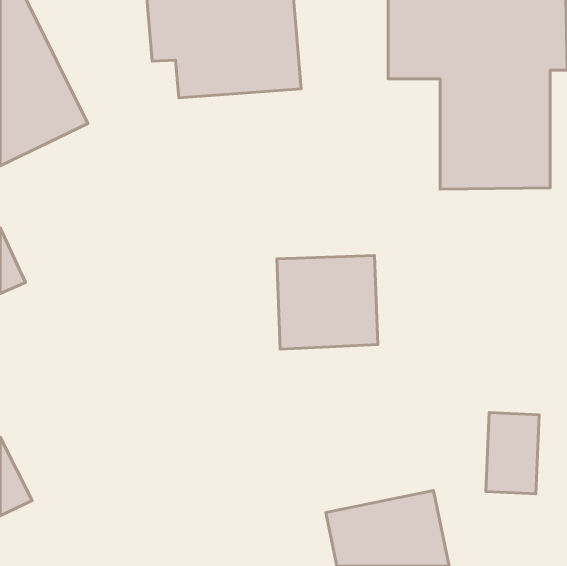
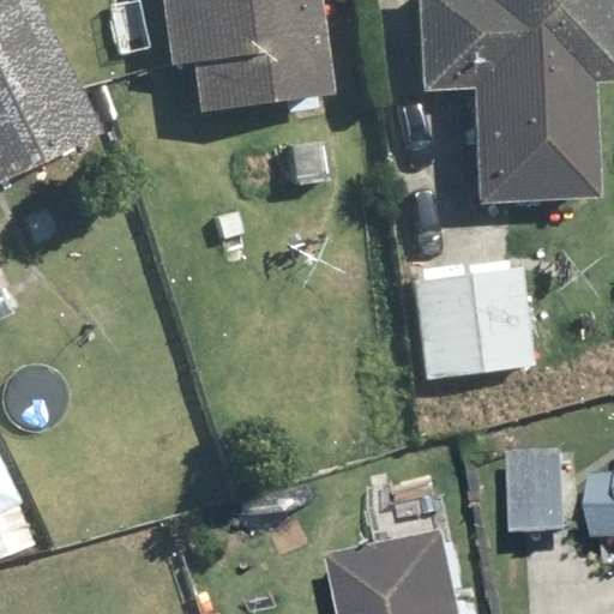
building: [277,256,378,349] -> [417,270,526,371]

